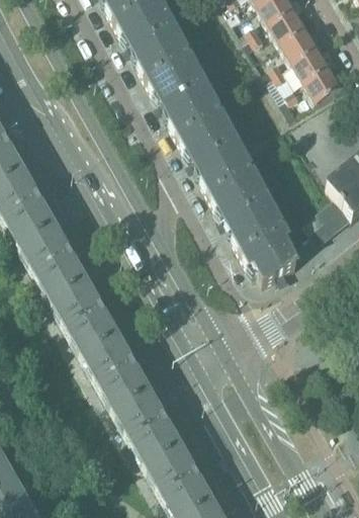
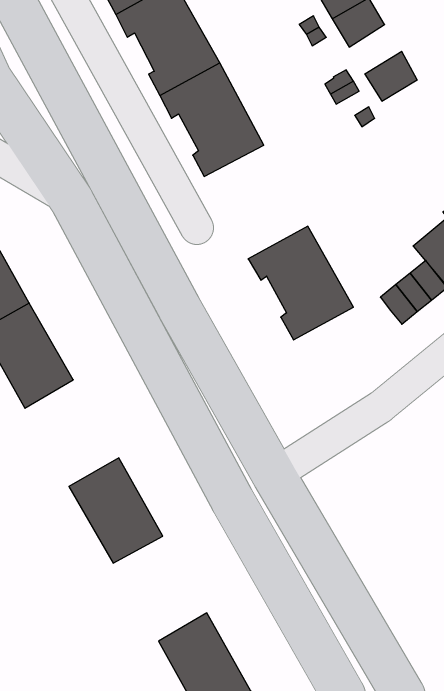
building: [282,24,320,60] -> none
building: [305,64,343,98] -> none
building: [179,110,253,191] -> none
building: [243,226,297,278] -> none
building: [52,277,118,353] -> none
building: [114,388,181,463] -> none

